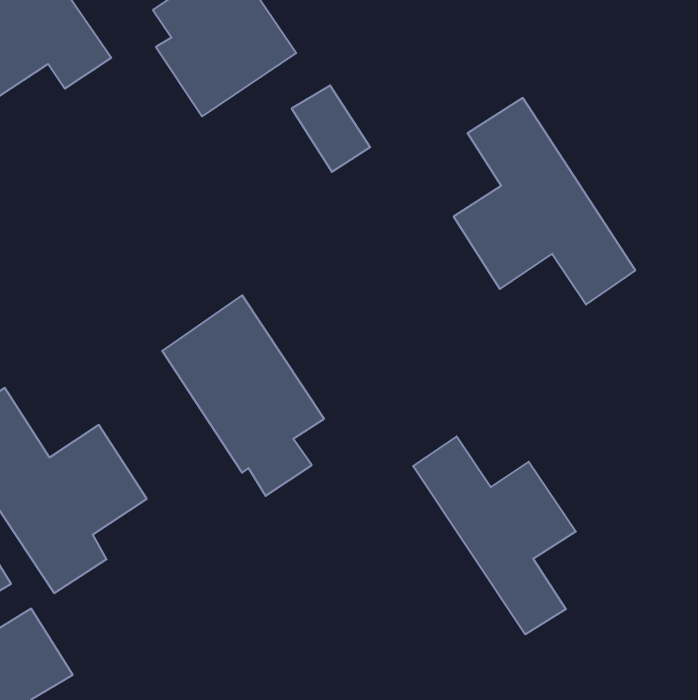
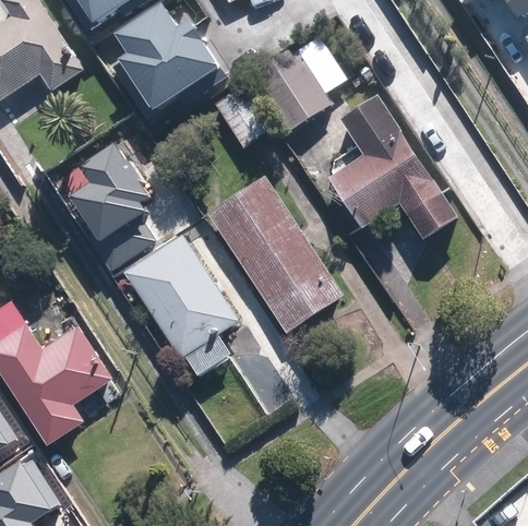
building: none -> [252,49,333,133]
building: none -> [65,144,155,268]
building: none -> [207,178,341,333]
building: [413,436,576,634] -> none

